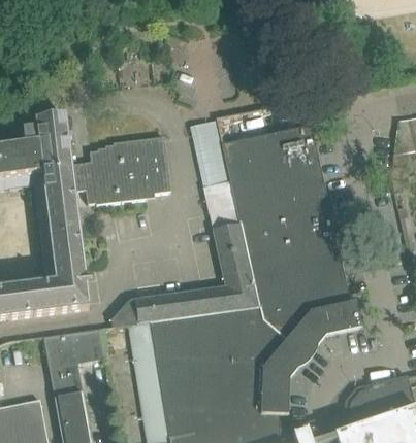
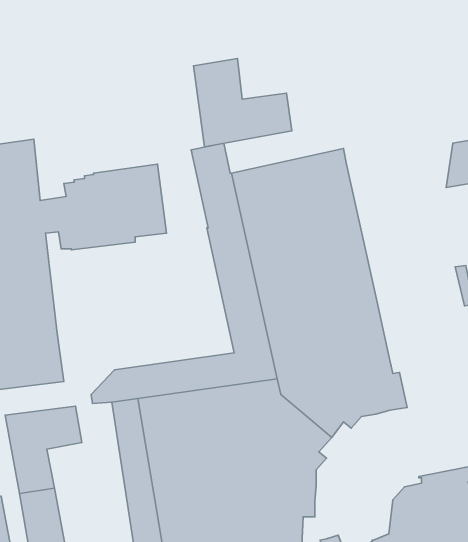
building: none -> [194,58,292,147]

